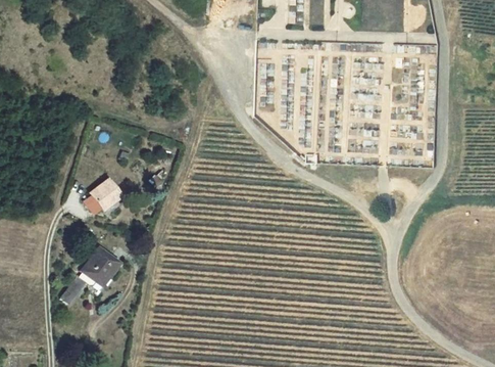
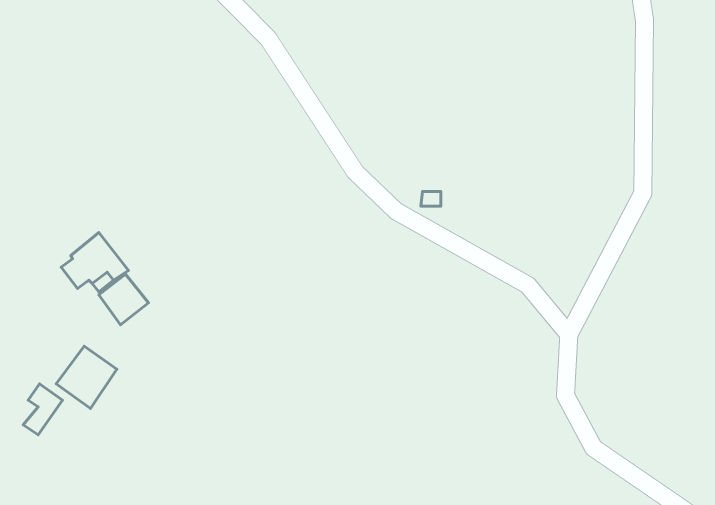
building: none -> [99,274,149,325]

